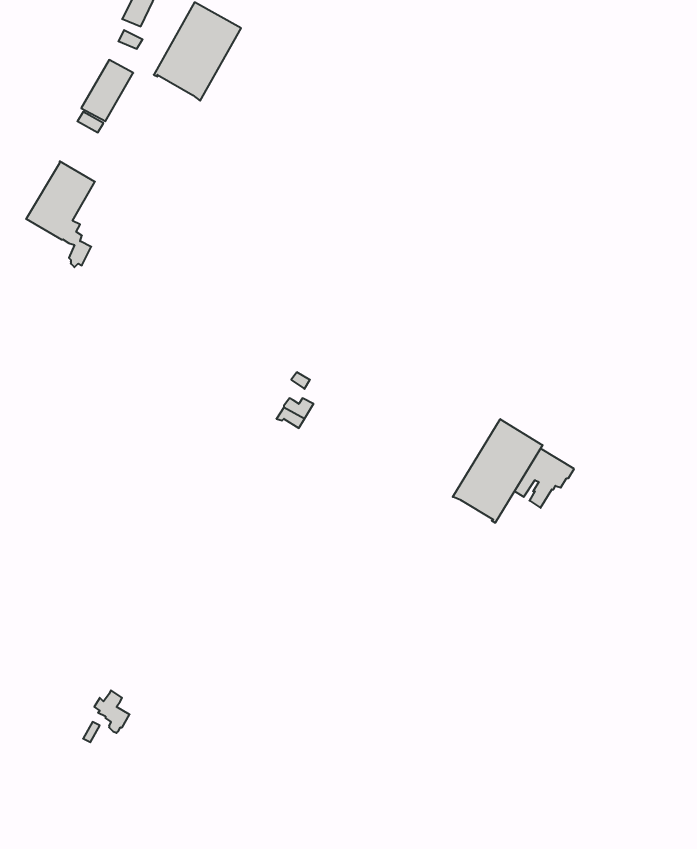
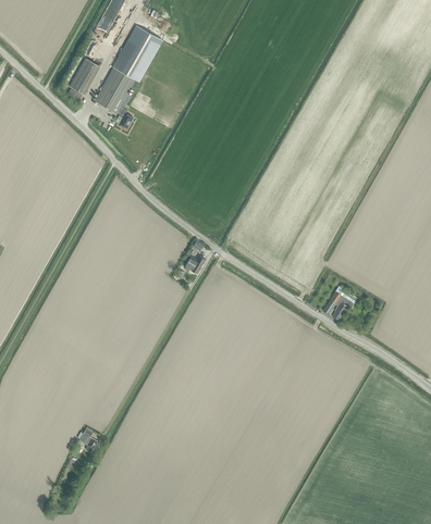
building: [26,161,95,267] -> [94,66,134,128]
building: [453,419,543,523] -> none

